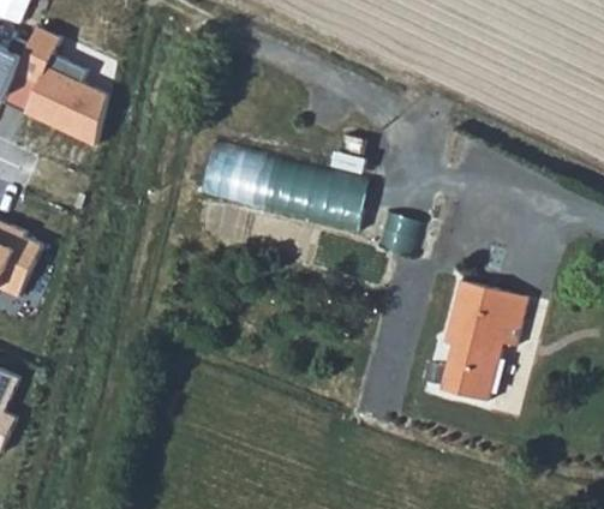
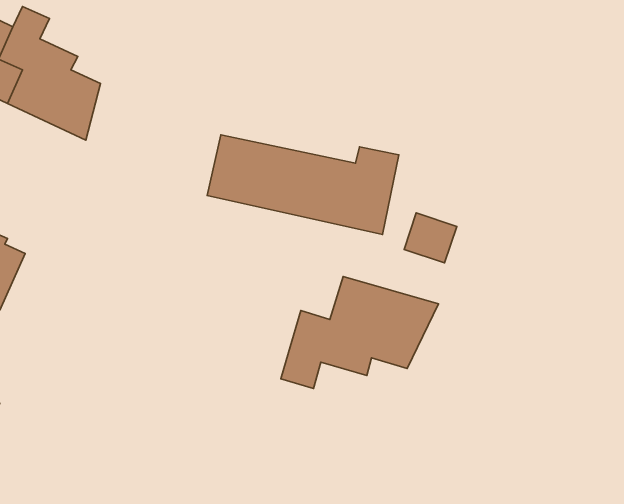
building: none -> [281,277,438,389]
building: [443,280,533,400] -> none

